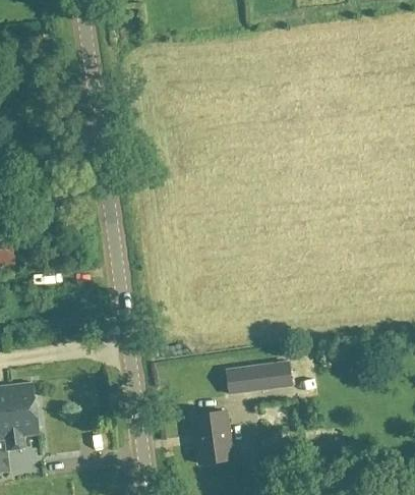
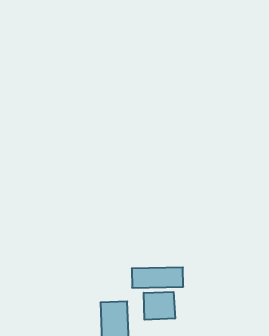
building: none -> [144,292,175,320]

